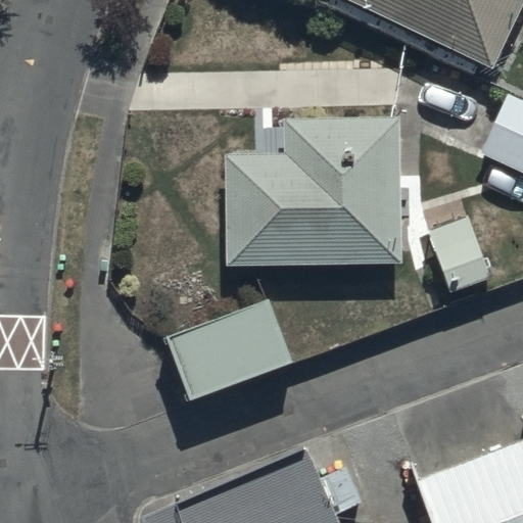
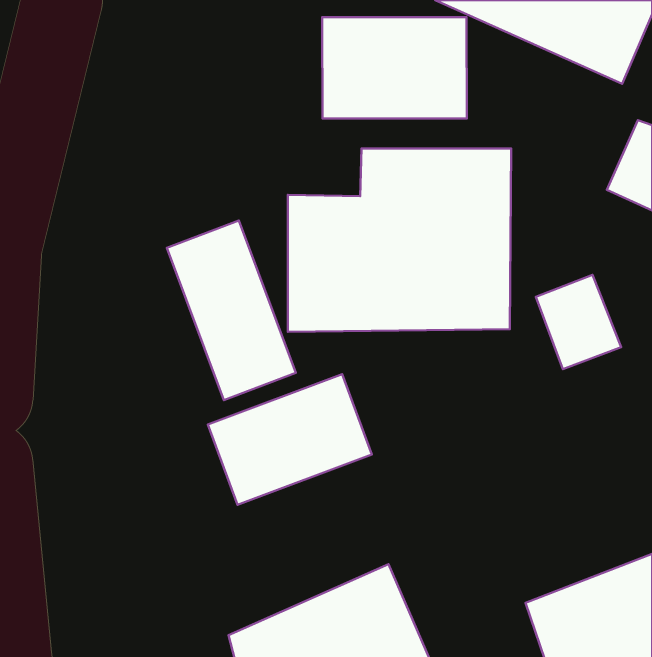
building: none -> [322,17,467,119]
building: none -> [167,220,296,400]

